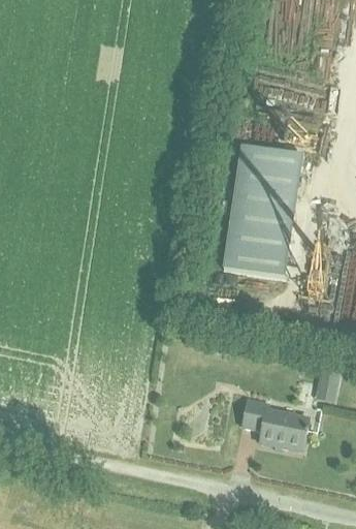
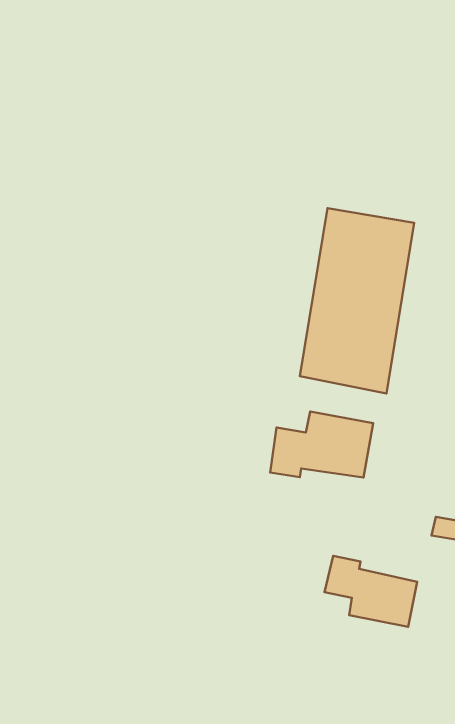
building: none -> [270,412,373,478]

